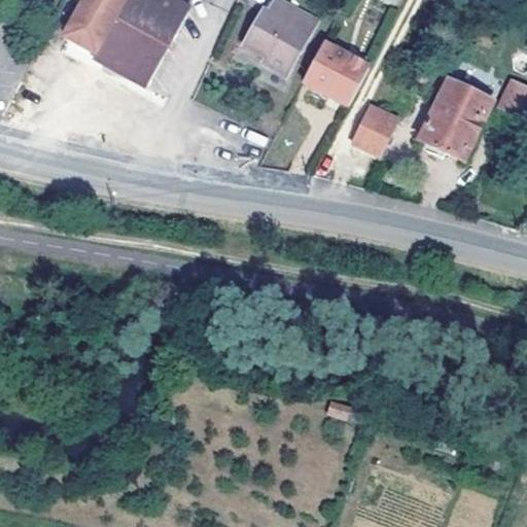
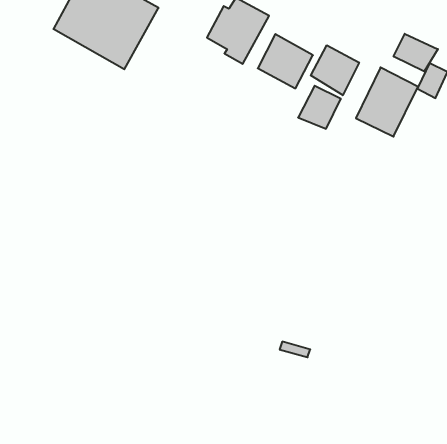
building: none -> [394,34,438,72]
building: none -> [311,45,359,95]

